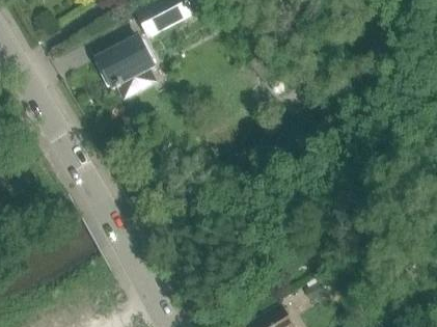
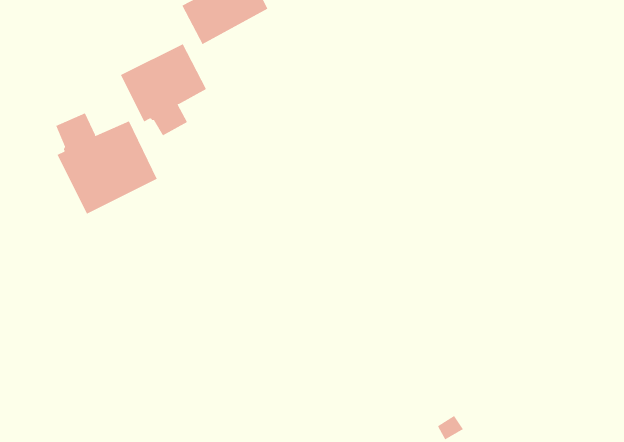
building: none -> [55,113,158,214]

